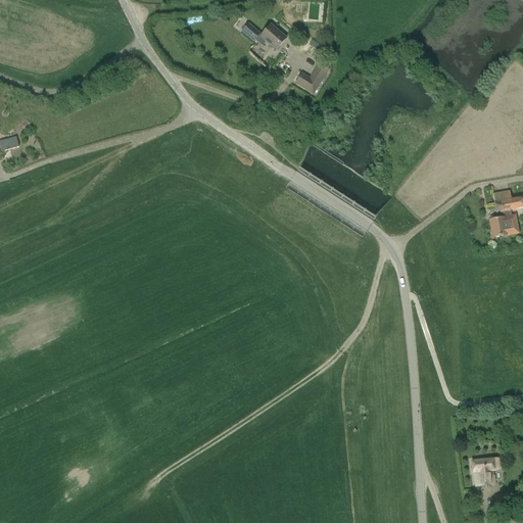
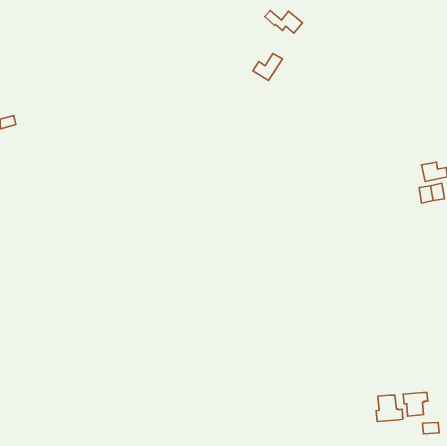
building: [242,22,286,49] -> [265,10,303,33]
building: none -> [376,395,403,422]

